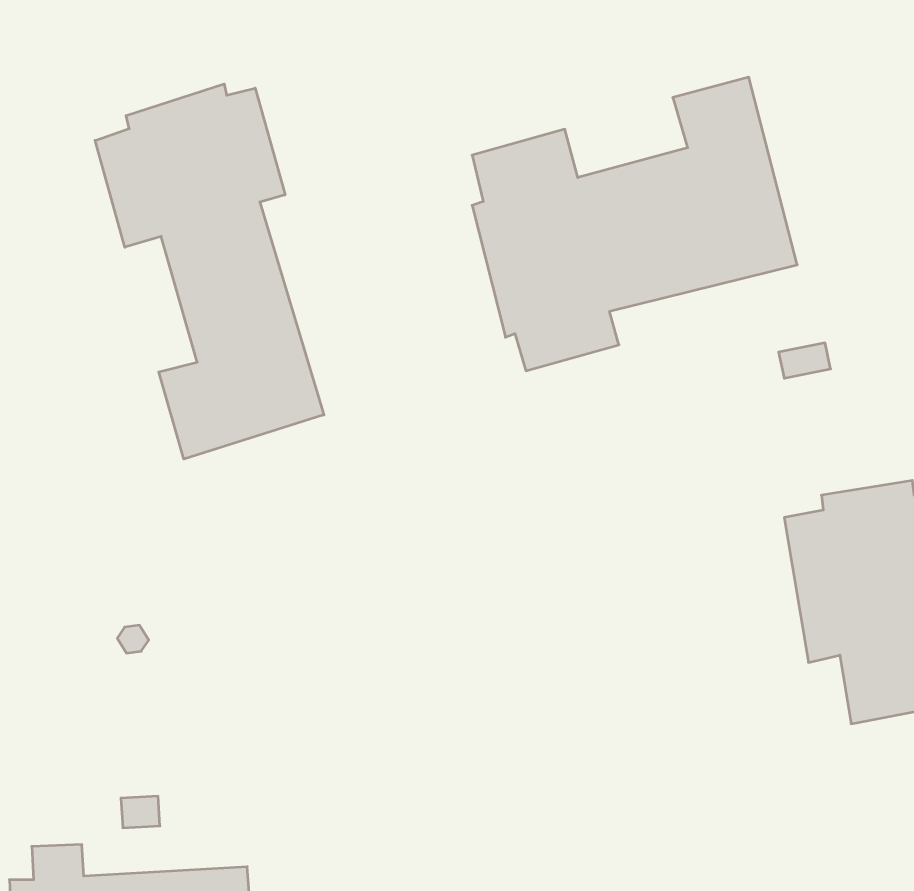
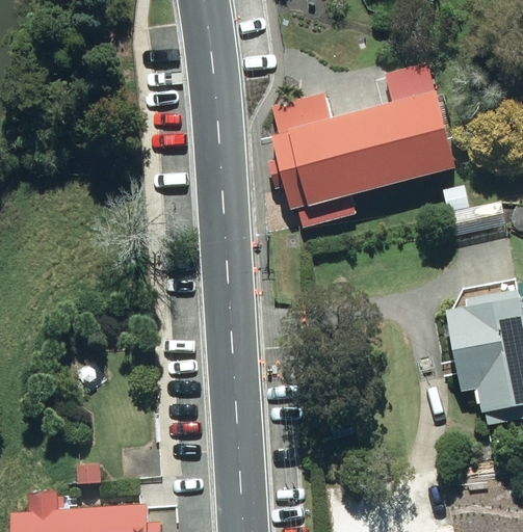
building: [95,84,324,459] -> none

